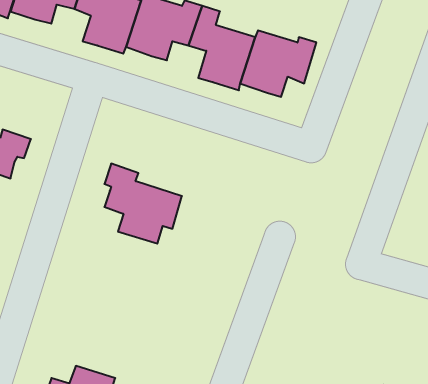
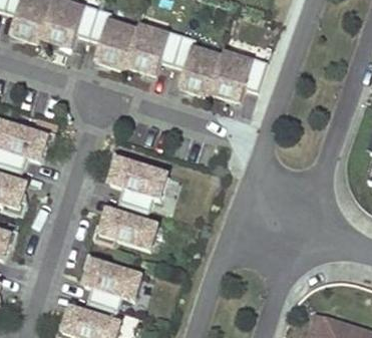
building: none -> [94,201,159,249]
building: none -> [84,254,142,309]

